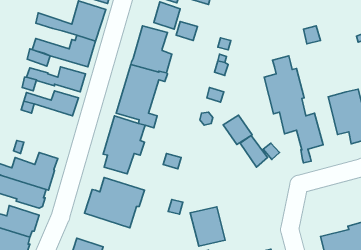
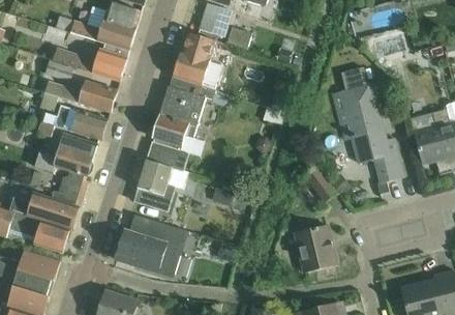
building: none -> [35,134,97,193]
building: [223,115,252,144] -> none
building: [190,207,225,246] -> [294,225,336,273]

